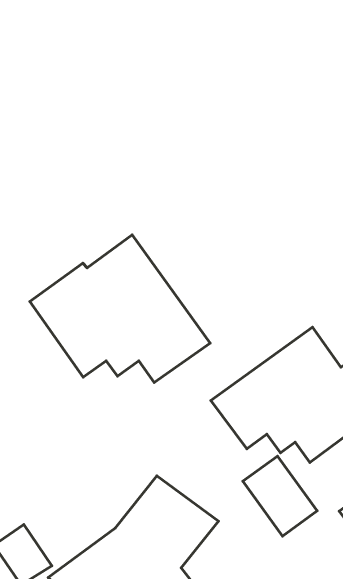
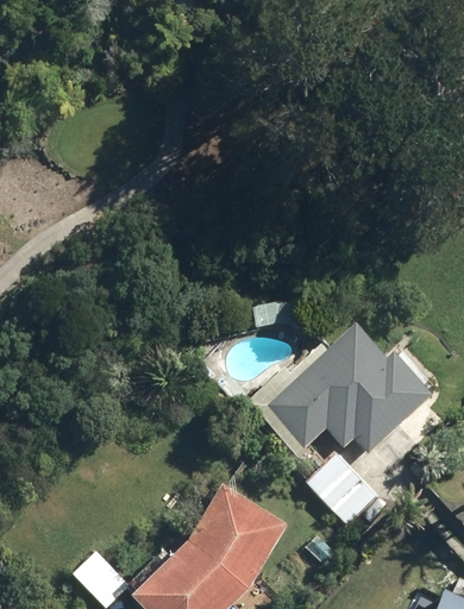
building: [30,235,210,382] -> none

